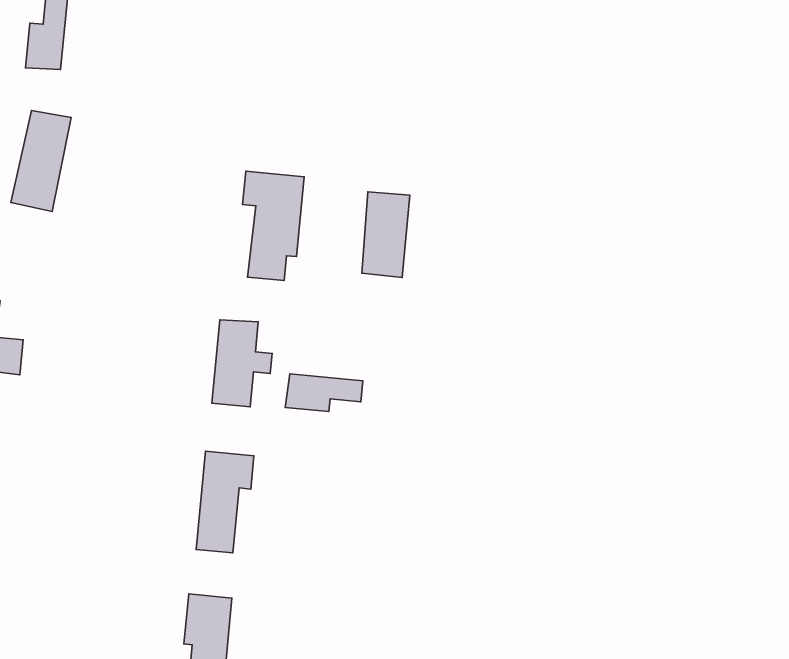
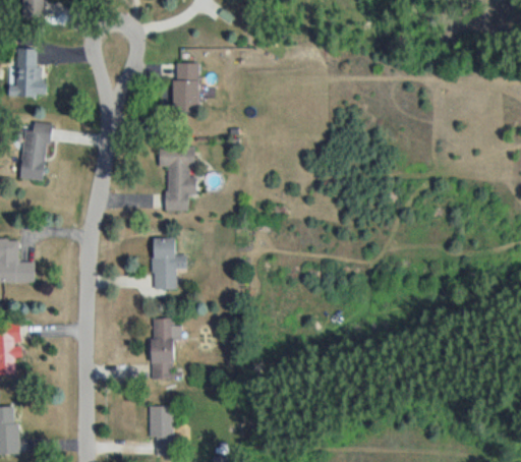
building: none -> [173,63,198,113]
building: [362,192,410,278] -> none
building: [285,374,363,412] -> none

